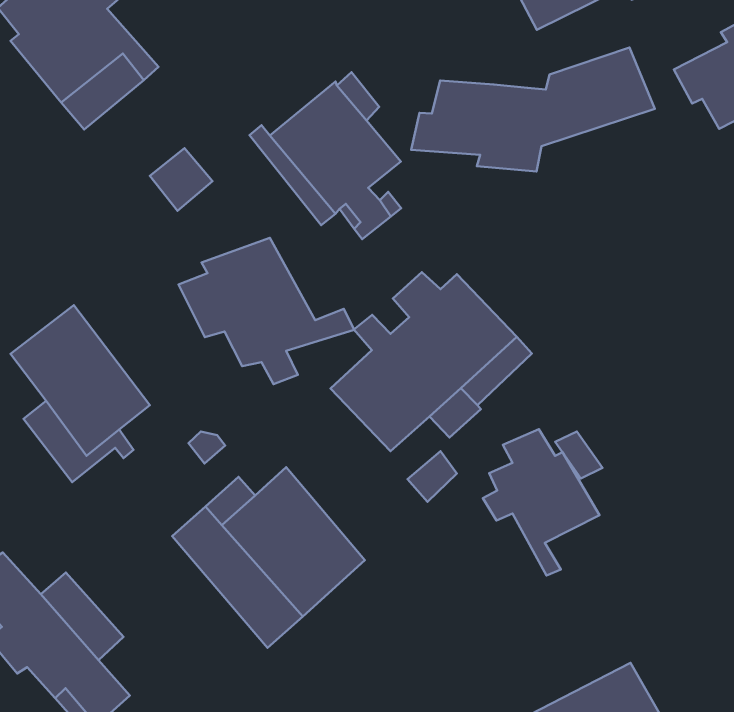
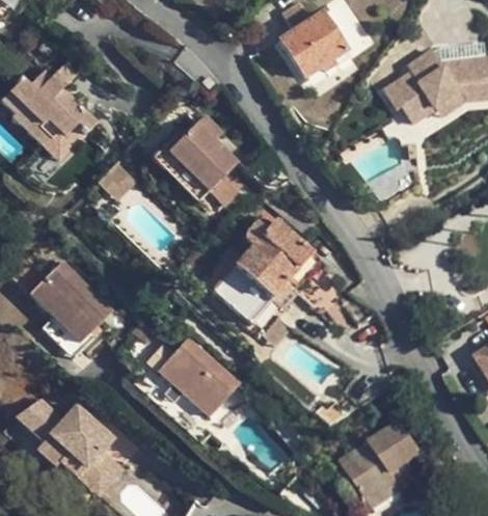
building: [411,47,655,172] -> none
building: [179,238,354,384] -> none
building: [483,429,599,575] -> none

